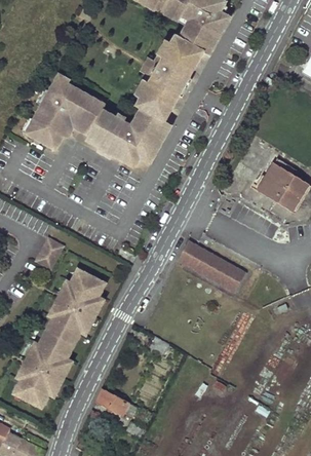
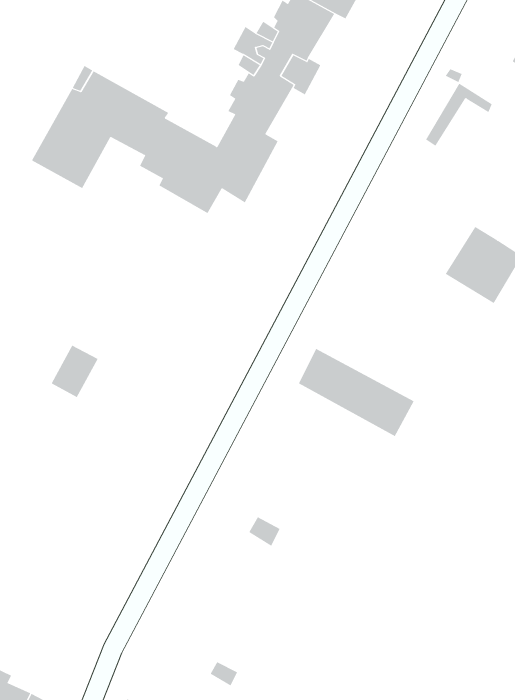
building: [257,159,296,196] -> [425,83,492,147]
building: [15,271,103,408] -> none
building: [95,388,135,416] -> none

